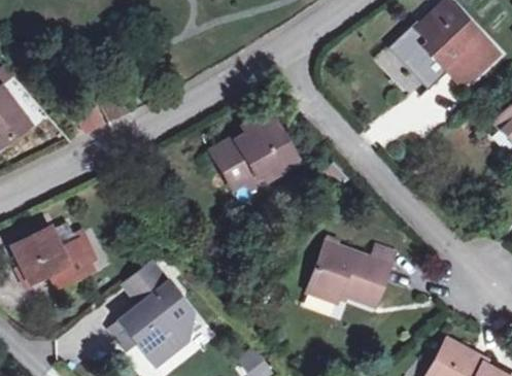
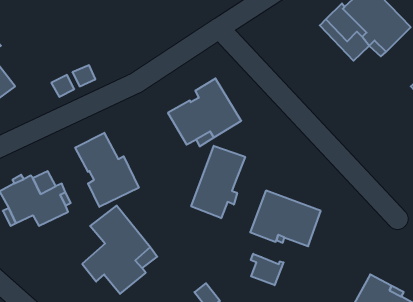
building: none -> [75,133,139,207]
building: none -> [191,146,245,218]
building: none -> [251,254,284,285]

